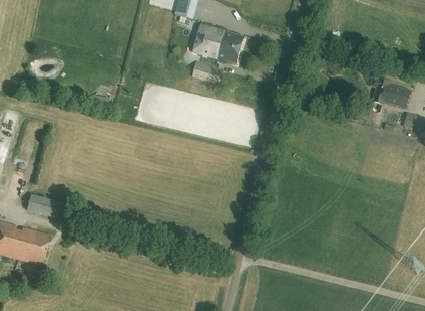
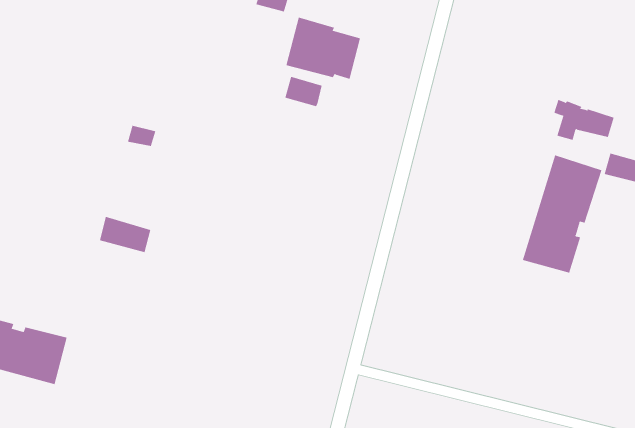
building: none -> [522,155,602,273]
building: [26,193,60,217] -> [99,216,151,253]

